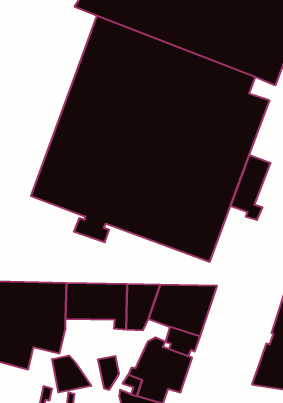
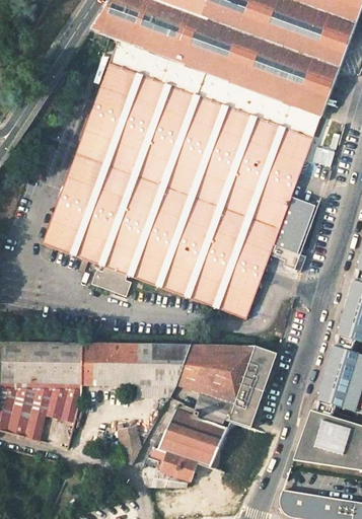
building: none -> [291,107,319,134]
building: none -> [229,346,277,427]
building: [52,355,91,393] -> none

